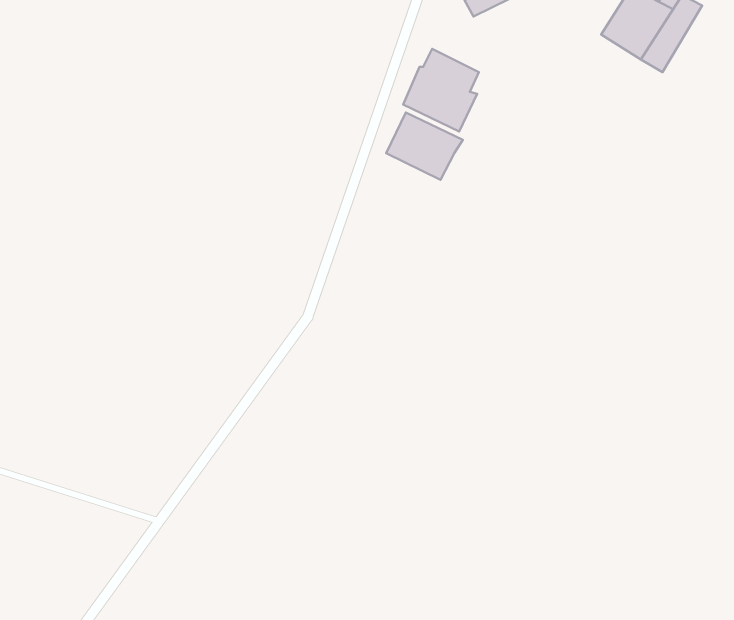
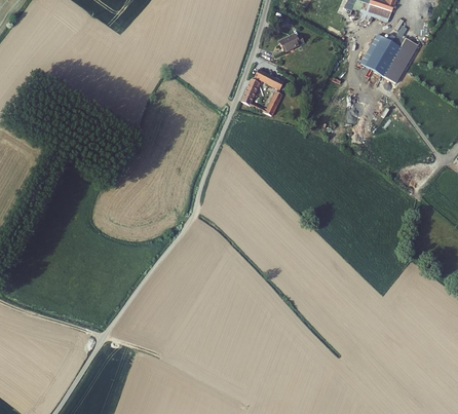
building: [386,113,463,180] -> none

